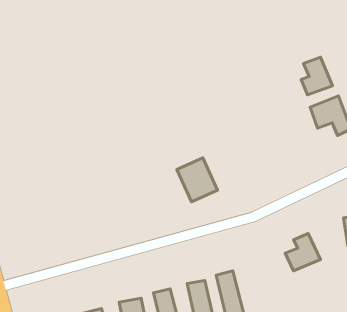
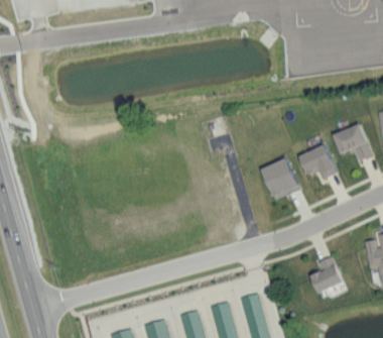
building: [301,57,332,95] -> none
building: none -> [299,145,337,178]
building: [177,158,218,202] -> [261,157,300,200]

